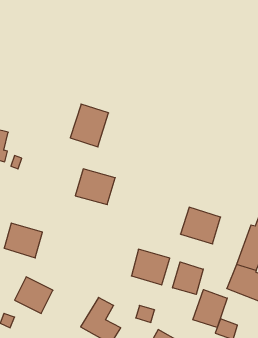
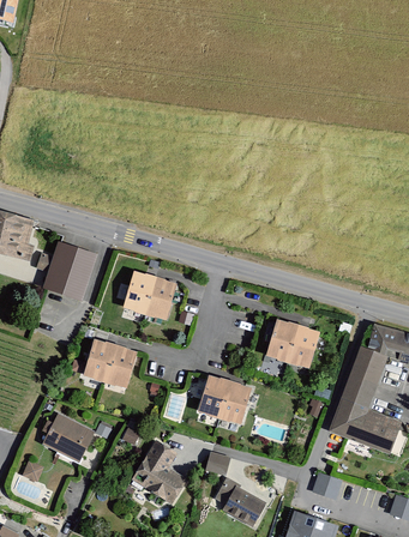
building: [70,104,109,147] -> [44,240,96,297]
building: [4,223,42,258] -> [84,342,136,388]
building: [173,262,203,294] -> none
building: [193,290,227,327] -> none

